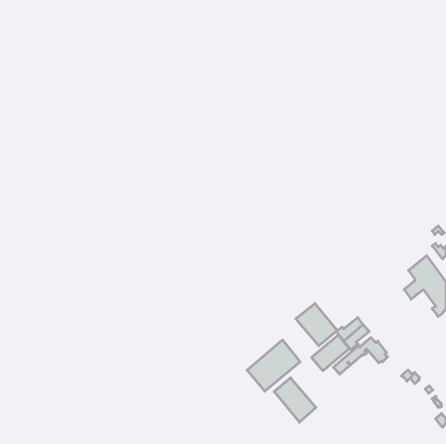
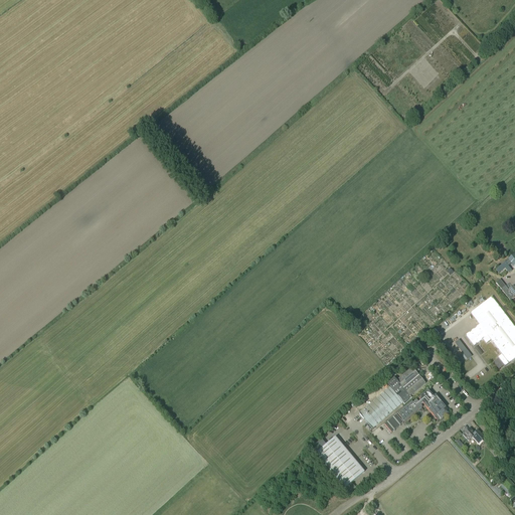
building: [296,303,337,346] -> none
building: [247,340,300,391] -> none

